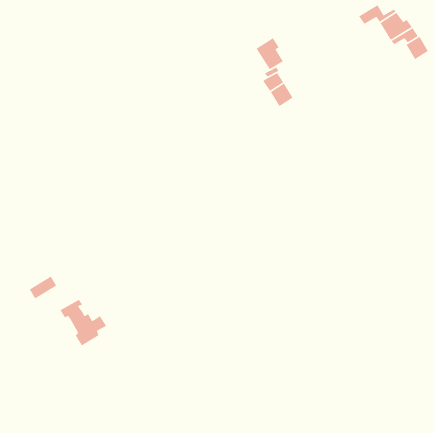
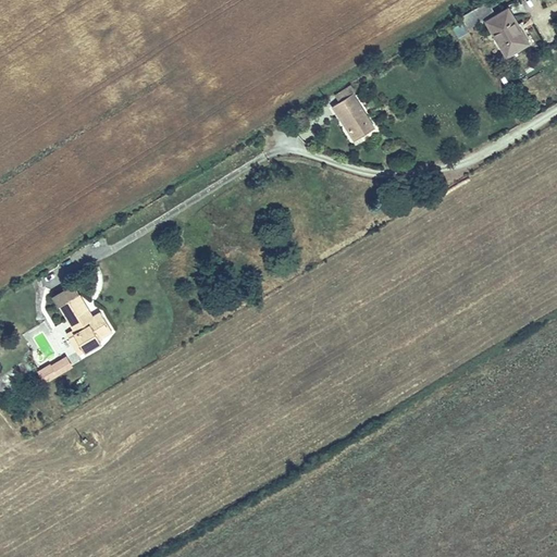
building: [406,36,429,60] -> none
building: [256,37,284,70] -> none
building: [59,299,107,346] -> [50,293,111,354]

